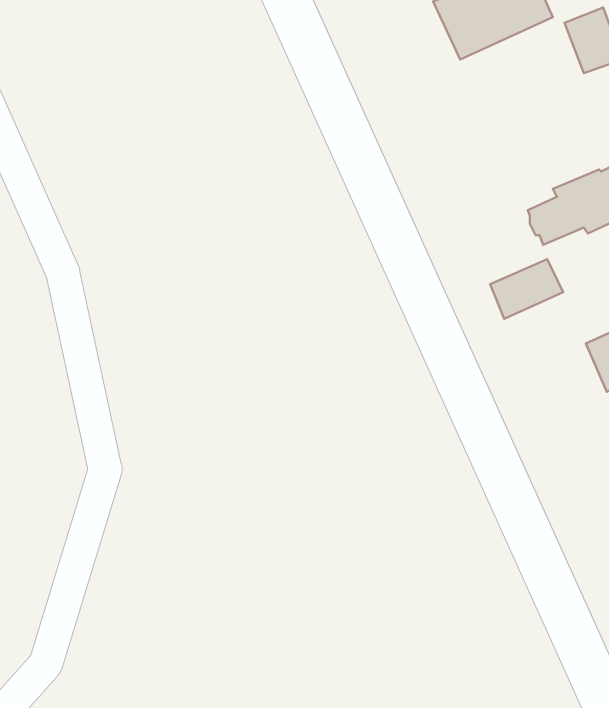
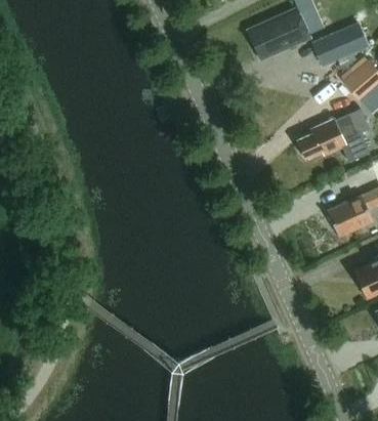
building: [490,259,563,319] -> none

